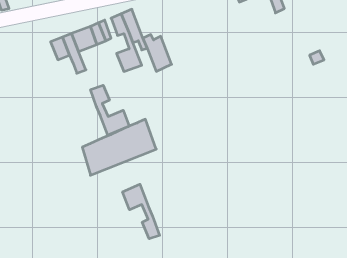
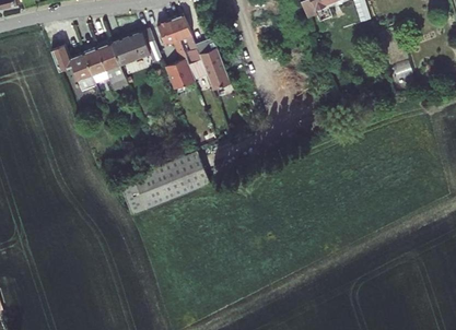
building: none -> [50,46,95,92]
building: [91,85,129,135] -> none
building: [123,184,160,239] -> none

